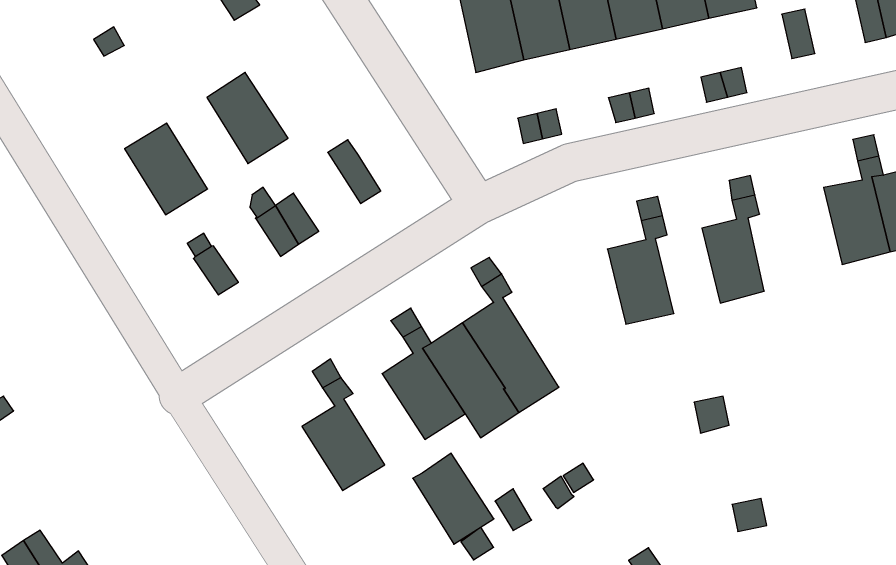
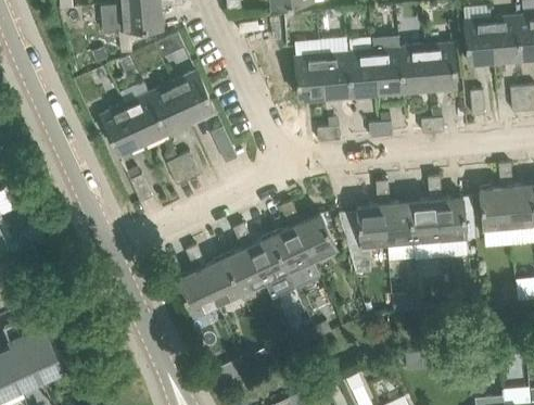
building: none -> [173,72,216,123]
building: none -> [126,94,167,144]
building: none -> [436,199,467,242]
building: none -> [384,203,415,248]
building: none -> [296,214,339,265]
building: [413,453,494,544] -> [202,258,243,308]

